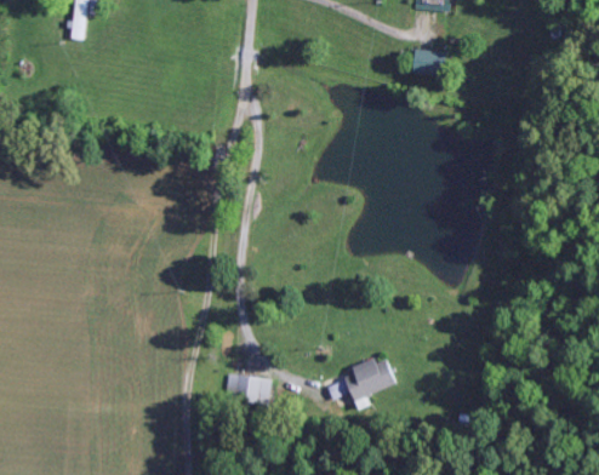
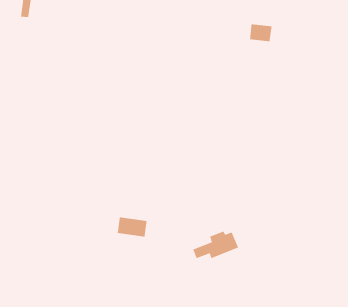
building: [224,373,270,405] -> [117,216,148,237]

